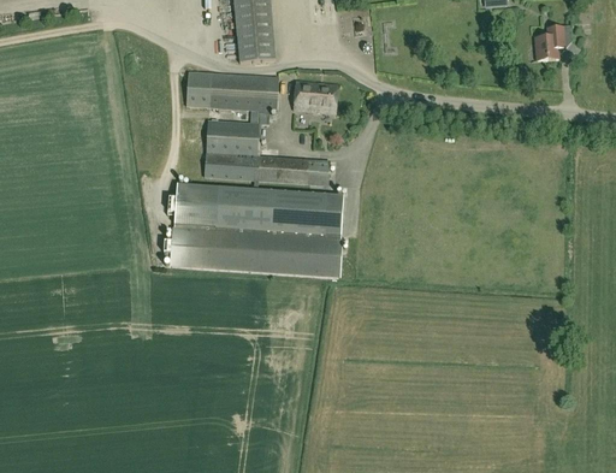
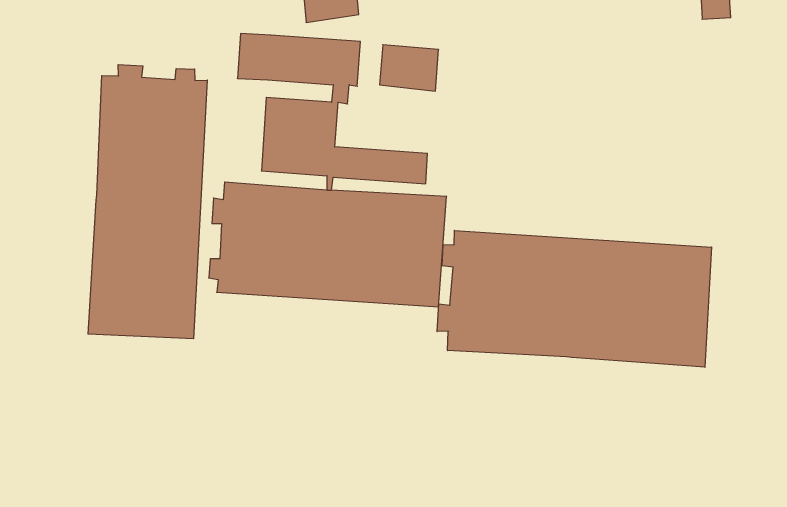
building: none -> [88,65,207,339]
building: none -> [437,230,712,367]

